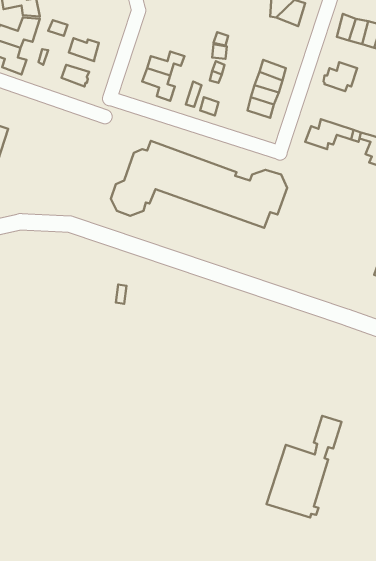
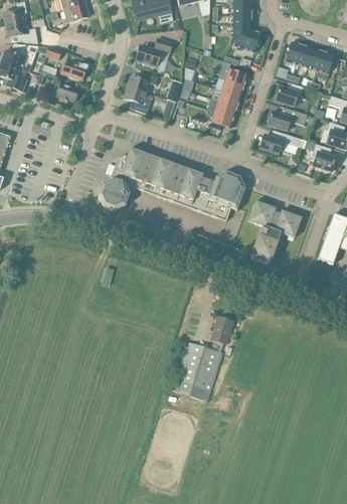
building: none -> [136,38,173,66]
building: none -> [217,60,247,87]
building: none -> [267,106,307,130]
building: none -> [247,200,301,260]
building: [267,416,341,517] -> [171,316,233,400]

